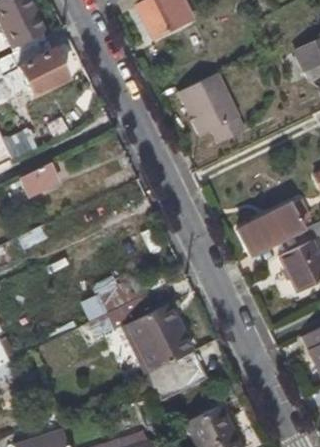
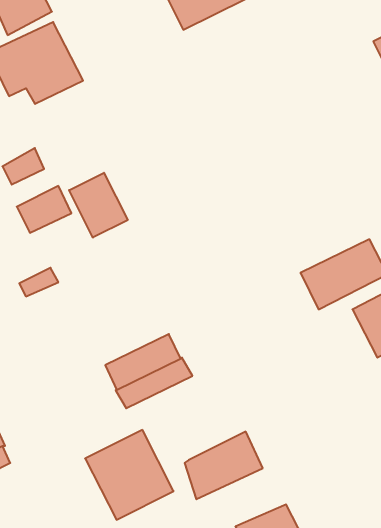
building: [178,72,246,142] -> none
building: none -> [69,173,128,238]
building: [127,303,195,372] -> [85,430,174,520]

